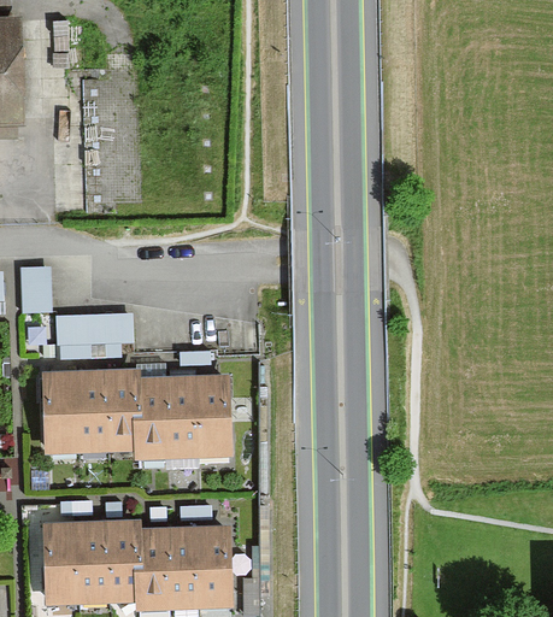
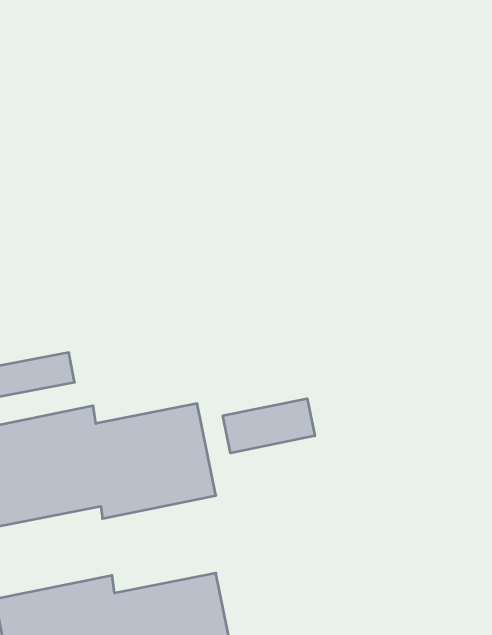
building: none -> [223,399,315,453]

